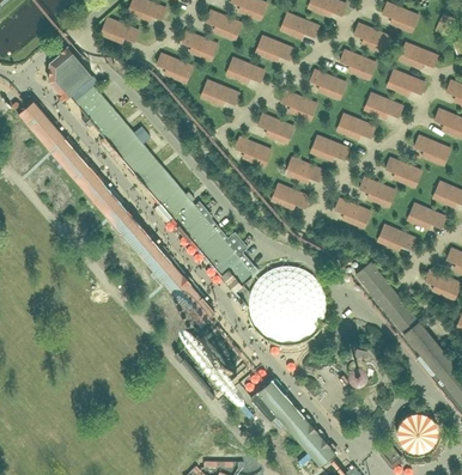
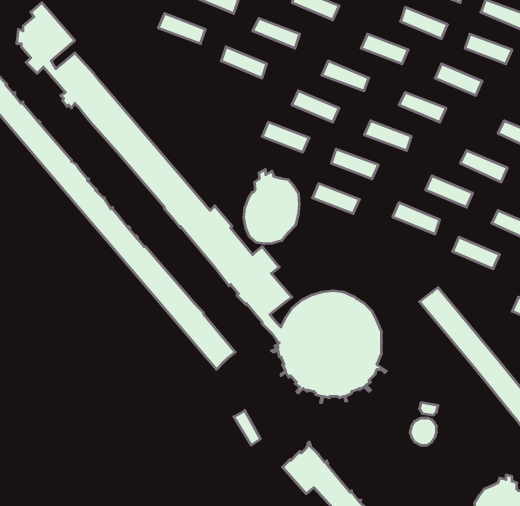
building: none -> [244,169,299,244]

